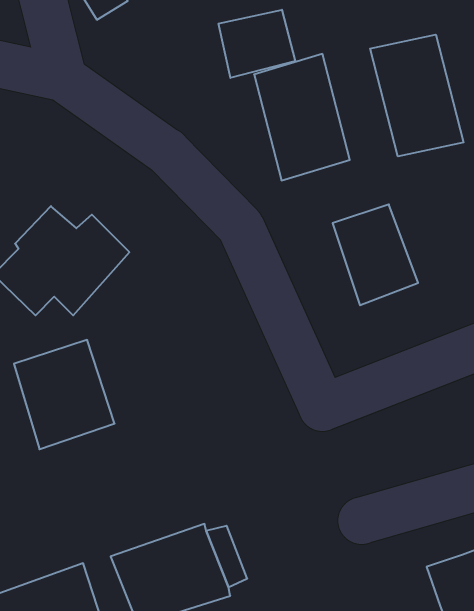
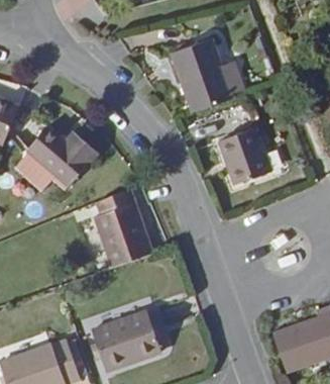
building: [219,10,295,78] -> none
building: [370,35,464,156] -> none
building: [14,340,115,449] -> [91,202,150,267]

